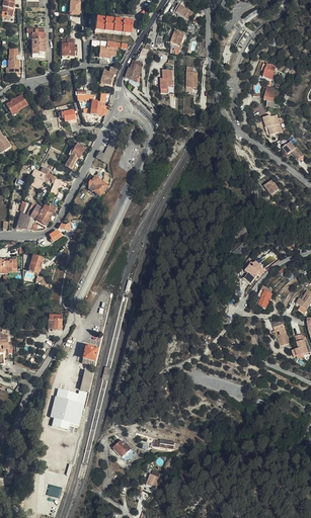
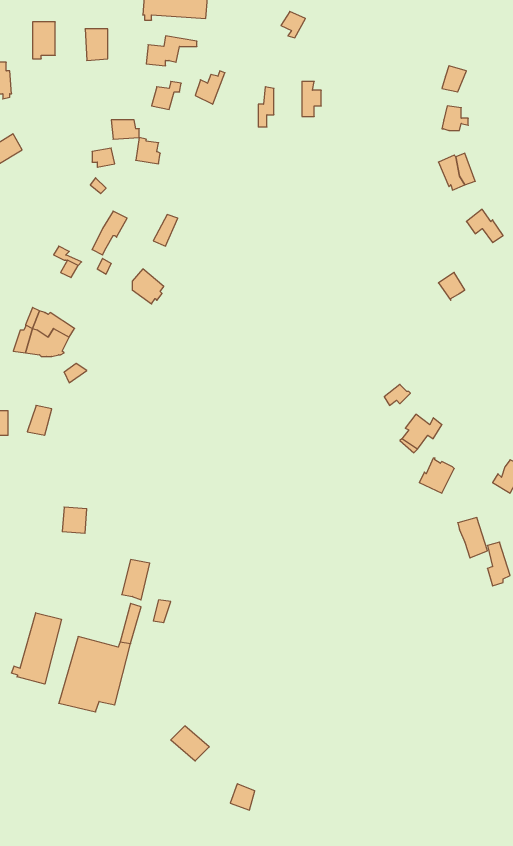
building: none -> [11,613,61,684]

